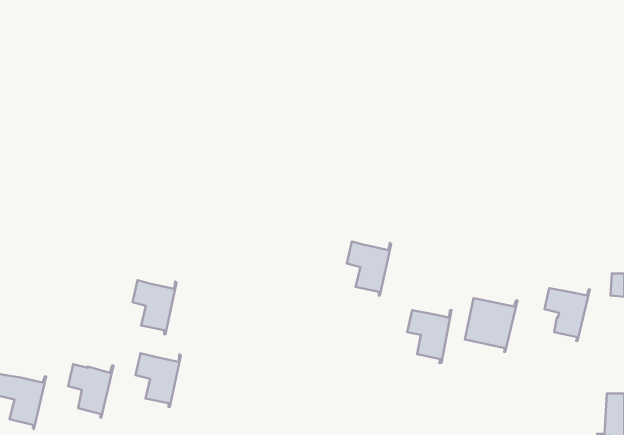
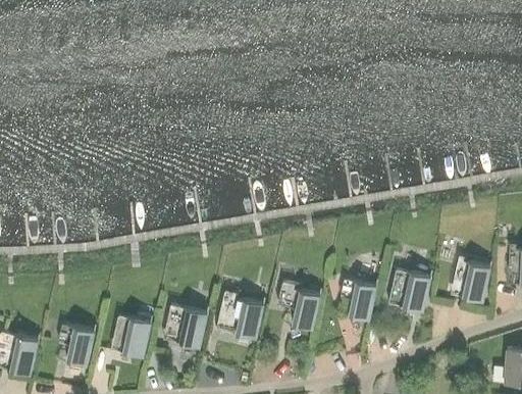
building: [347,242,391,295] -> [283,287,320,332]
building: [132,280,177,334] -> [170,305,207,350]
building: none -> [214,295,264,341]

